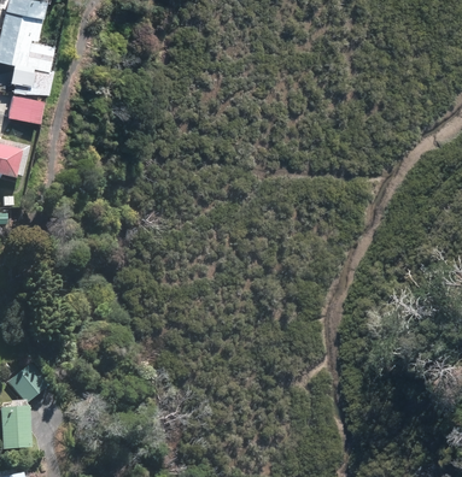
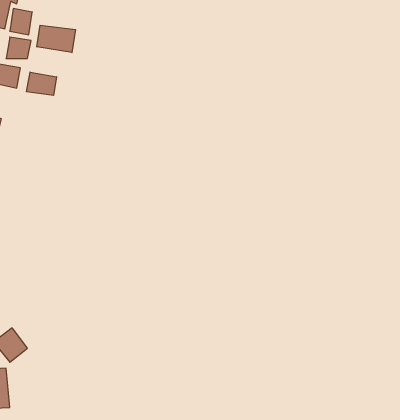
building: none -> [37,25,75,53]
building: none -> [27,72,56,95]

